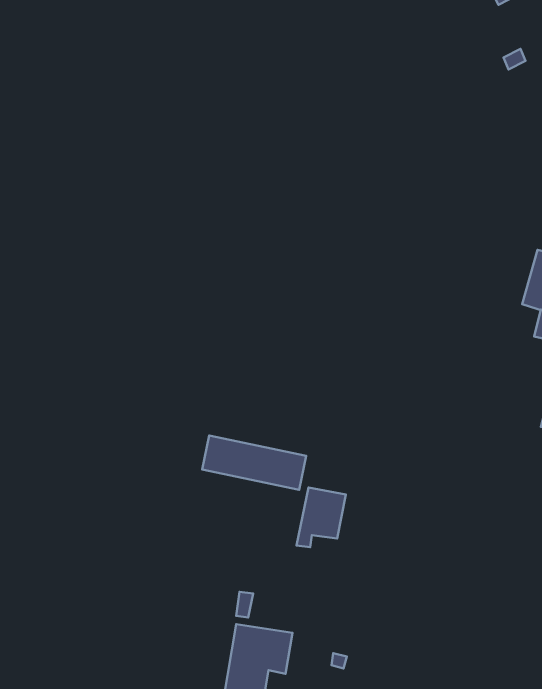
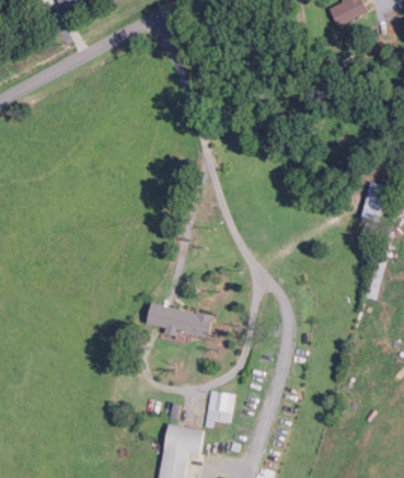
building: [296,488,346,547] -> [203,390,234,429]

